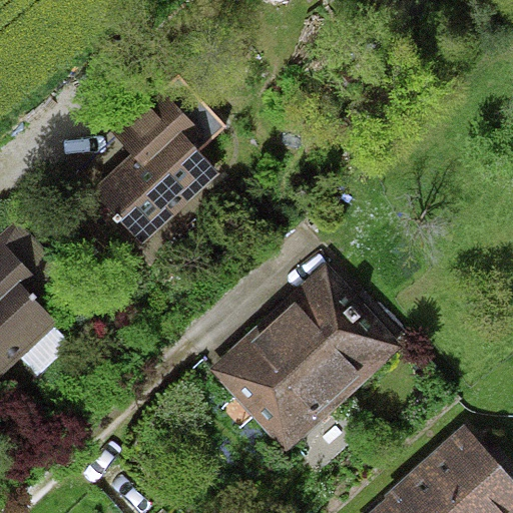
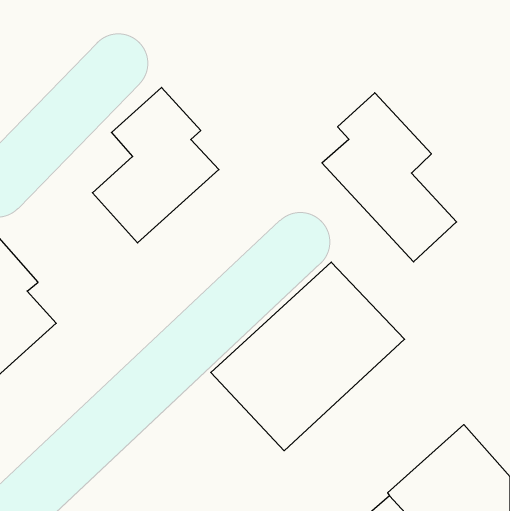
building: none -> [322,93,457,262]

